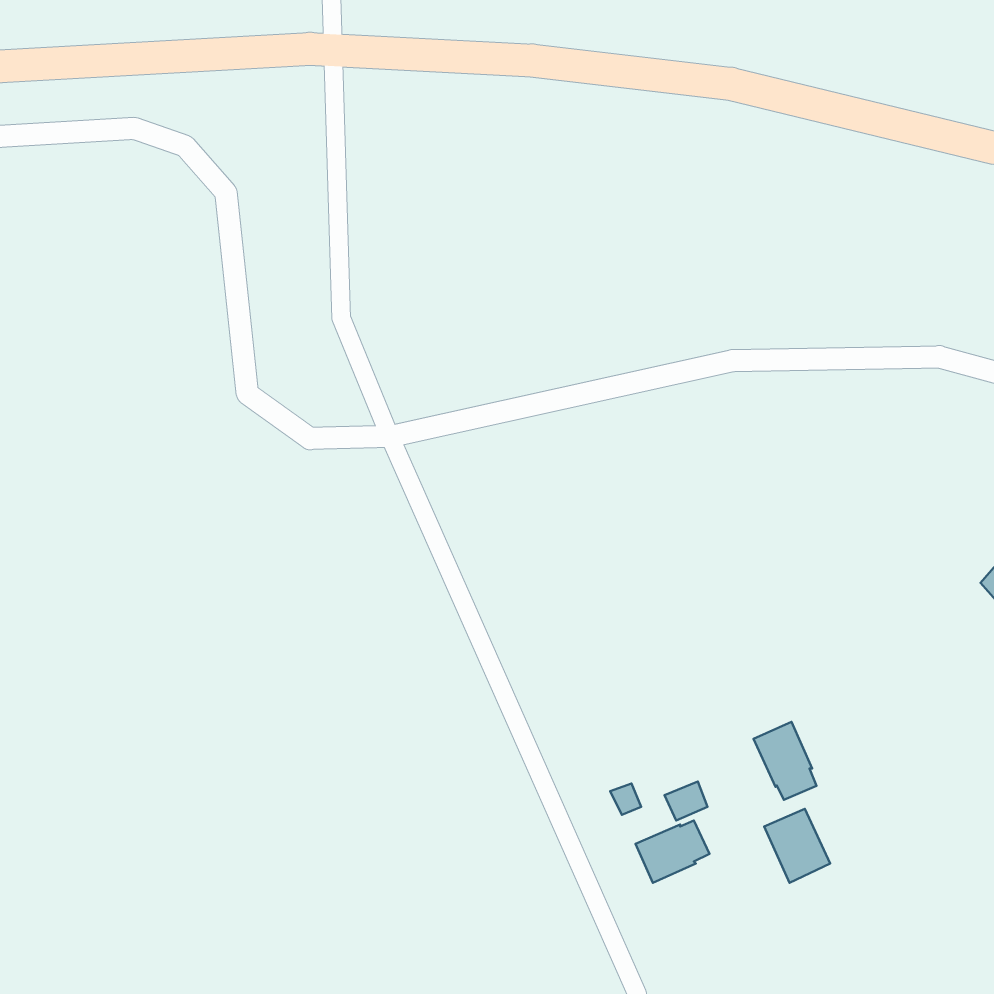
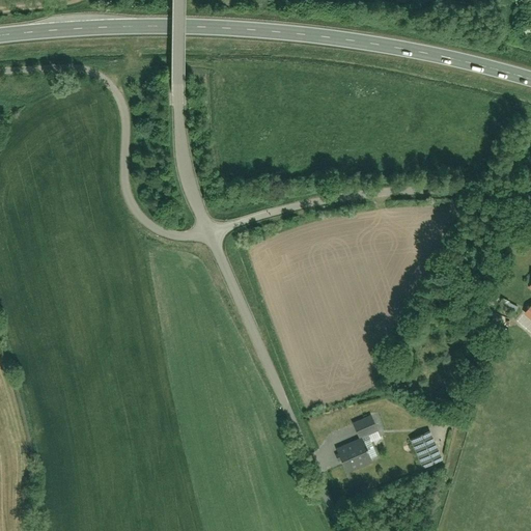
building: [753,722,816,800] -> none

